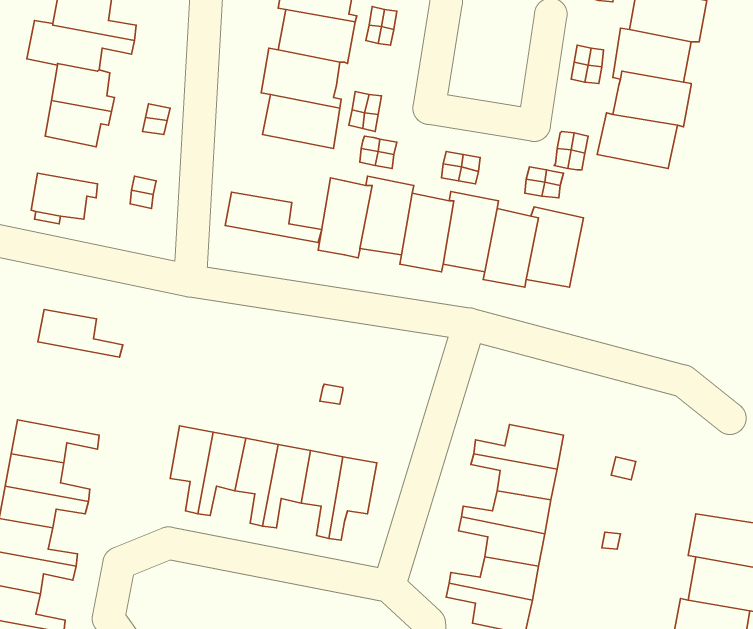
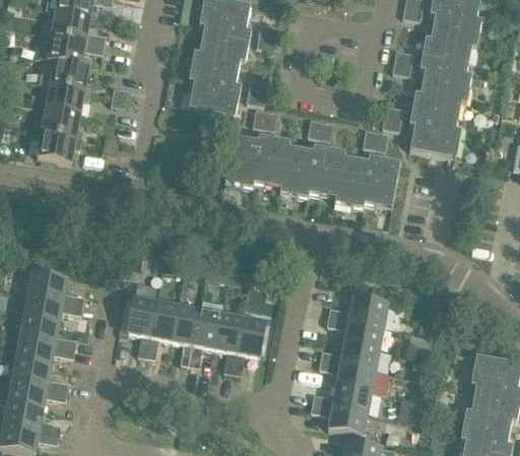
building: none -> [41,108,82,139]
building: none -> [408,120,461,157]
building: [225,192,322,243] -> none
building: [38,309,123,357] -> [27,273,83,305]

